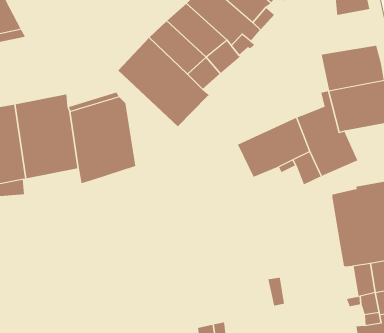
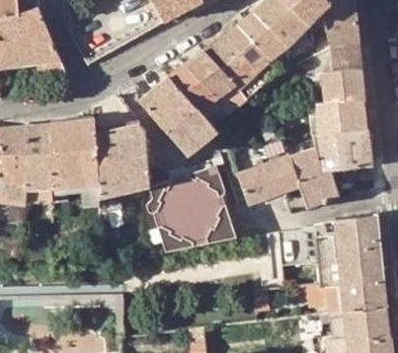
building: none -> [320,67,364,101]
building: none -> [147,165,236,251]

